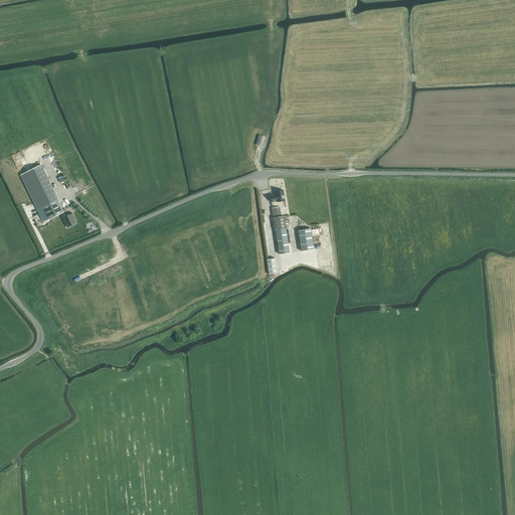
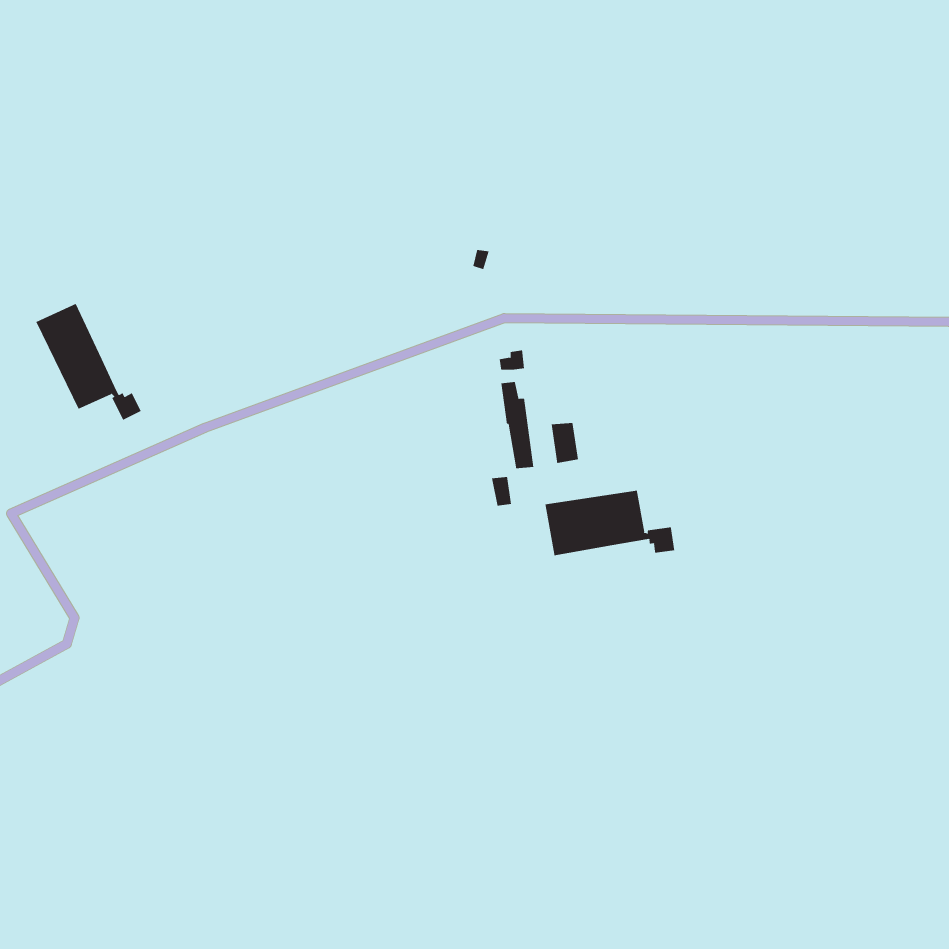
building: none -> [545,490,675,556]

